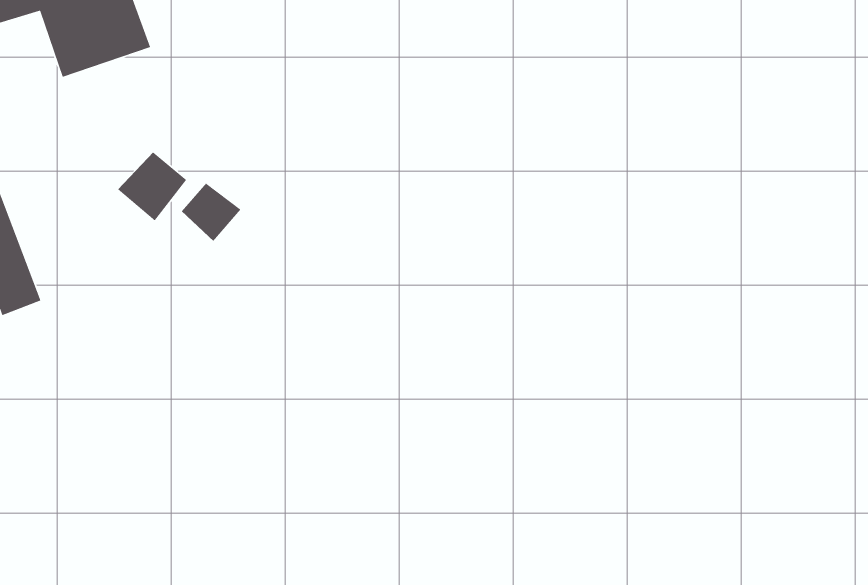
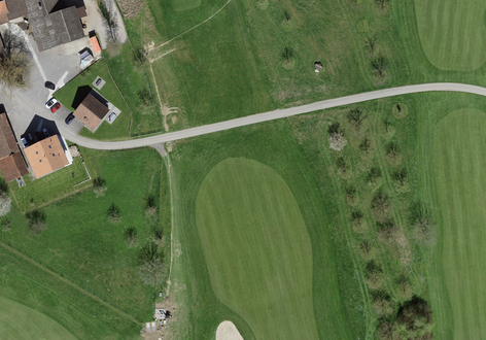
building: [181,182,241,242] -> none
building: none -> [22,134,65,176]

